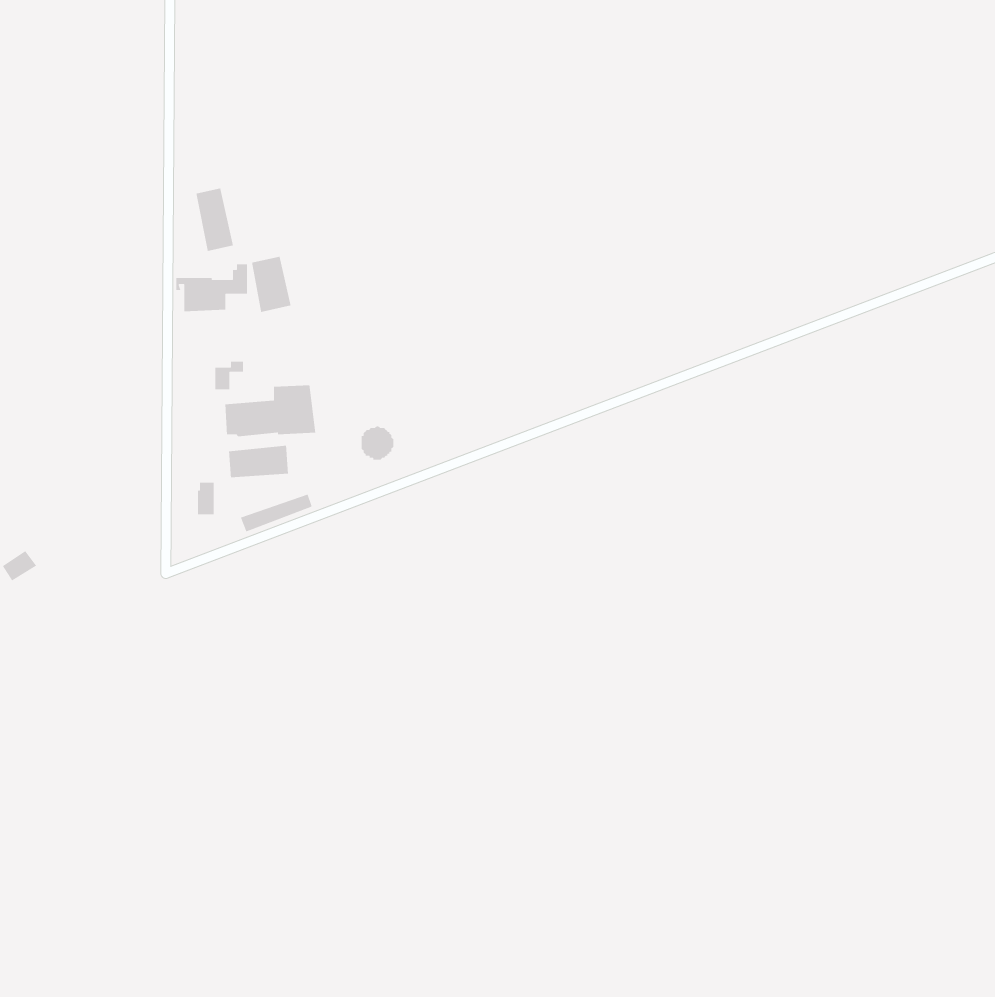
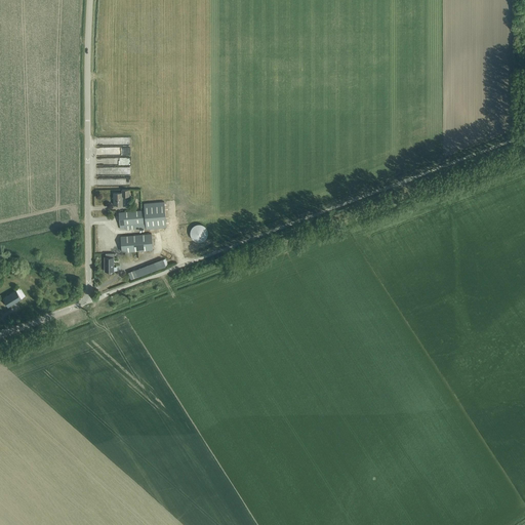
building: [196,187,234,252] -> none
building: [251,256,291,313] -> none

